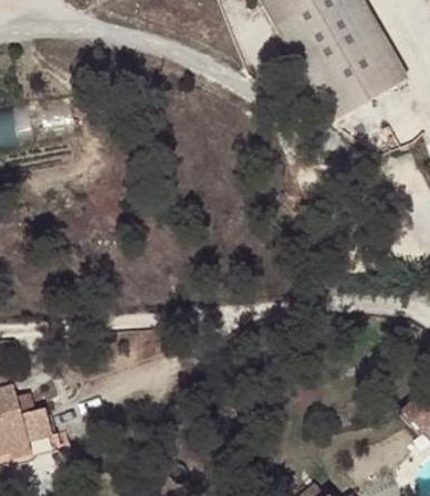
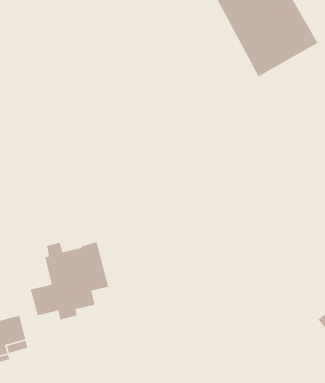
building: none -> [30,241,109,320]

